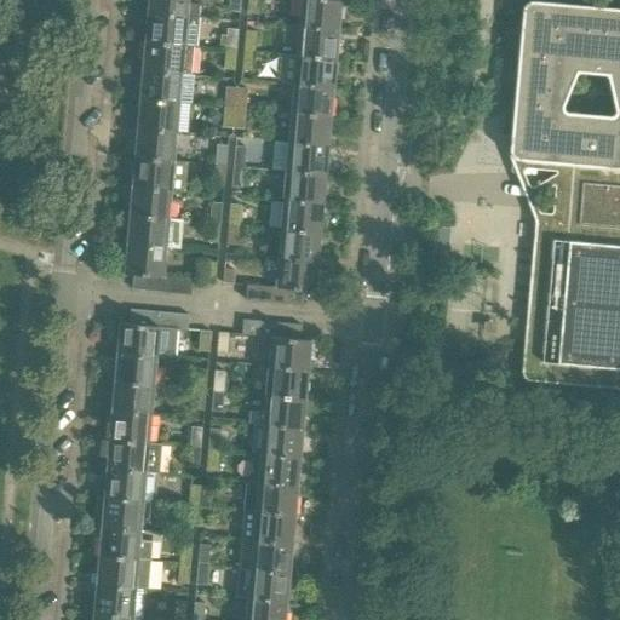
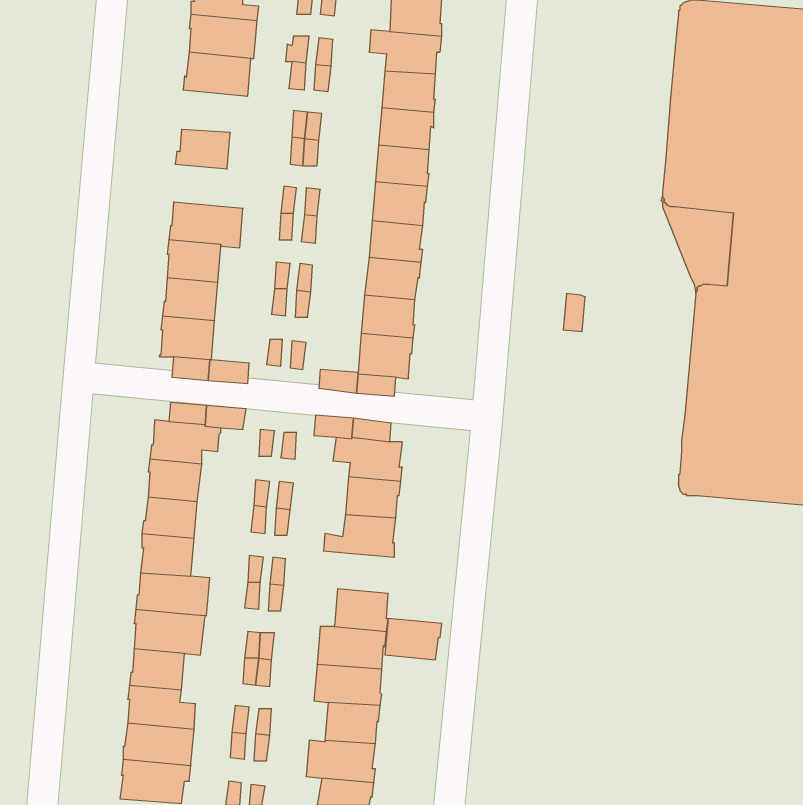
building: [142,69,195,103] -> none
building: [136,126,177,159] -> none
building: [262,424,305,455] -> [385,619,442,660]

